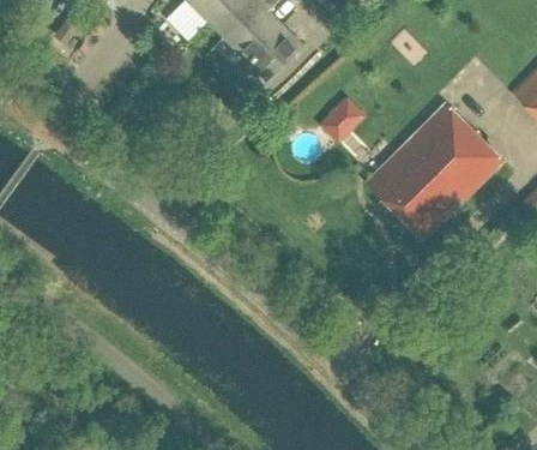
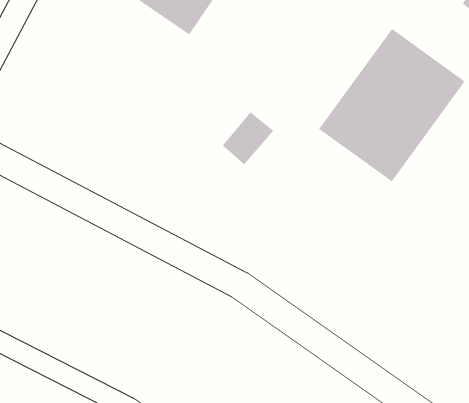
building: [316,100,364,145] -> [222,112,274,165]

